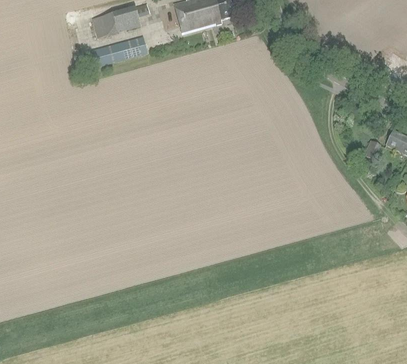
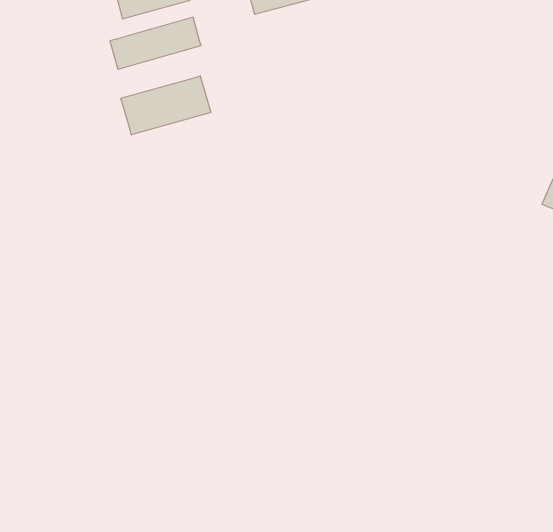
building: none -> [121,76,211,135]

